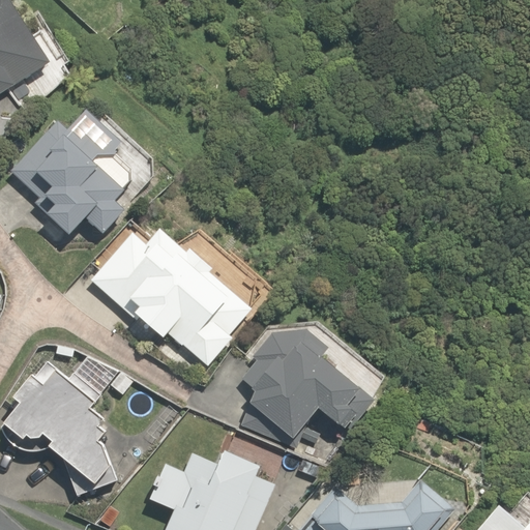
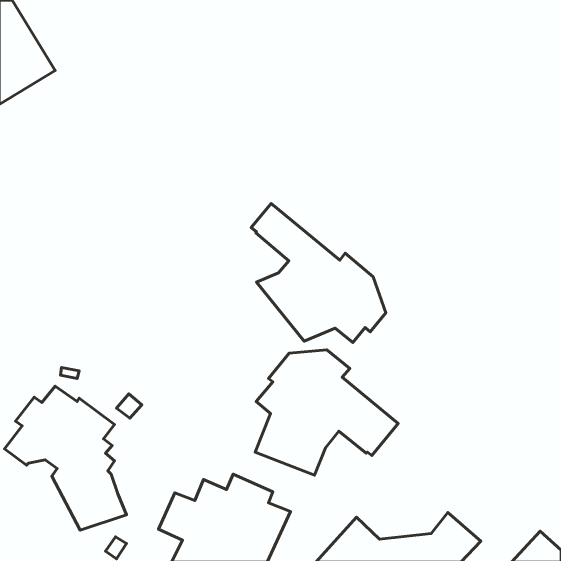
building: [10,109,124,235] -> none
building: none -> [251,203,386,343]
building: [91,229,252,364] -> none

